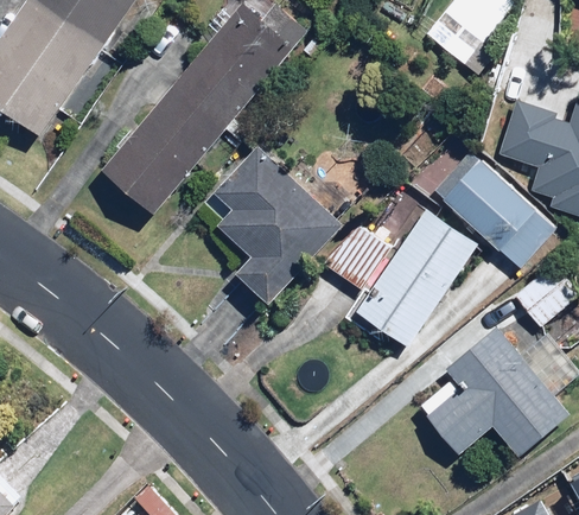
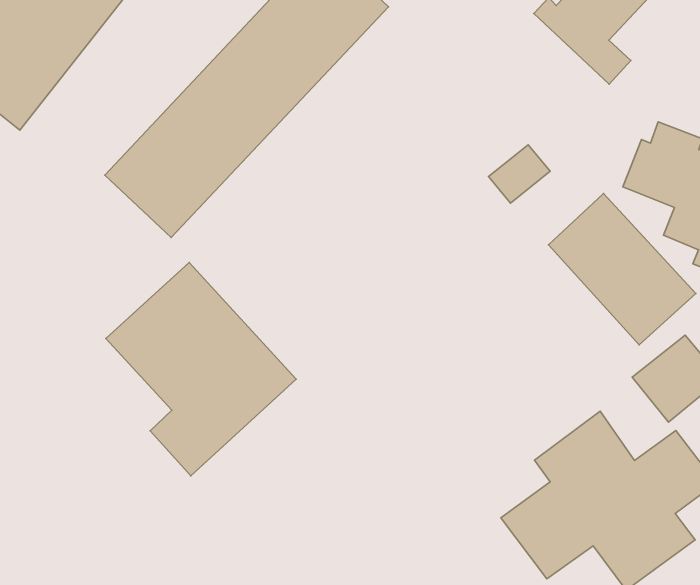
building: [196,142,342,304] -> [106,262,296,476]
building: [356,209,477,345] -> none
building: [329,223,390,287] -> none

